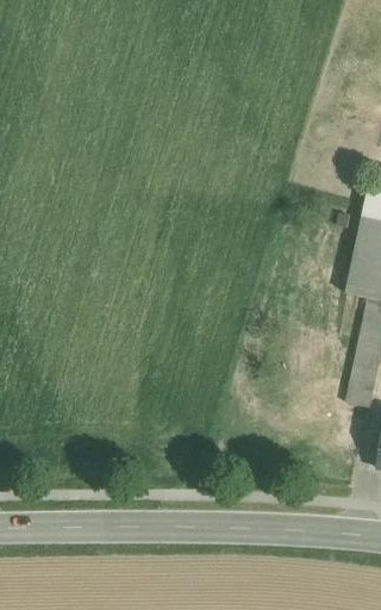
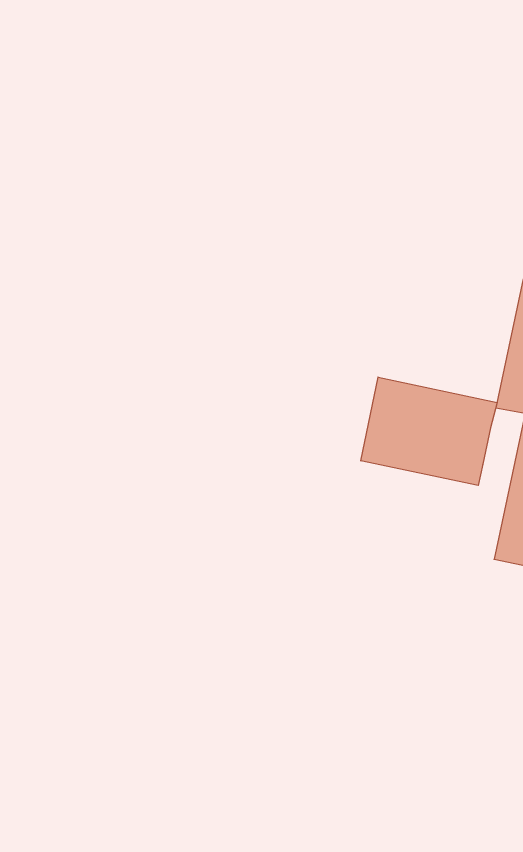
building: none -> [361,377,497,485]

